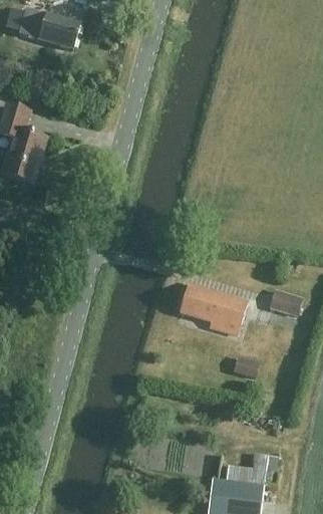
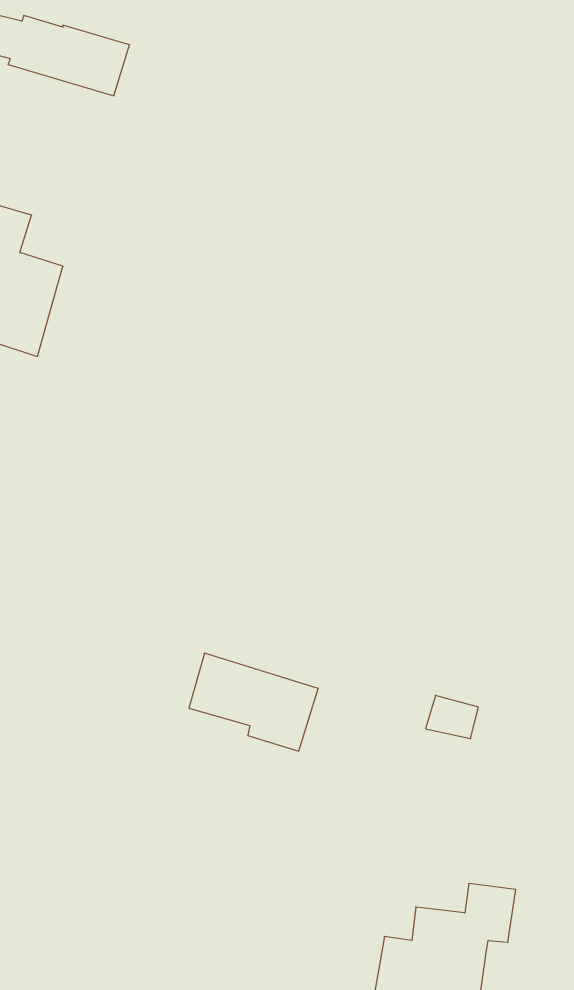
building: [181,284,247,334] -> [189,653,318,751]
building: [269,291,302,317] -> none

